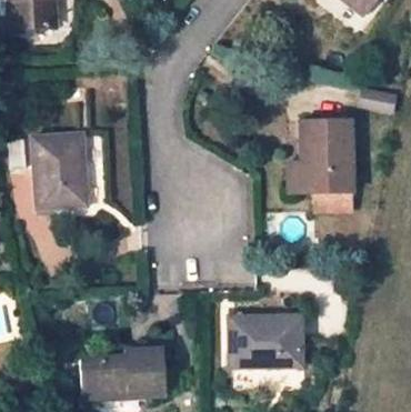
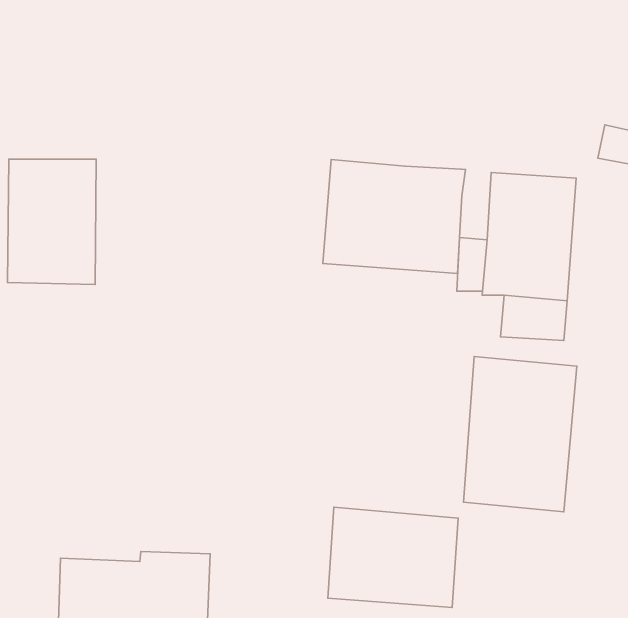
building: none -> [323,160,466,273]
building: none -> [463,356,577,512]

